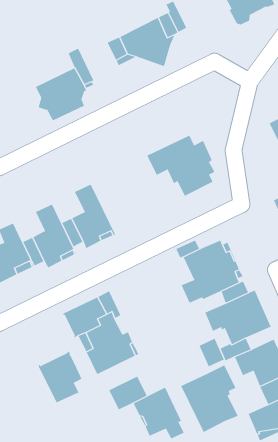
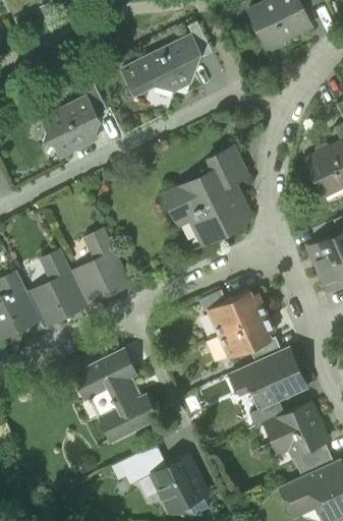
building: none -> [209,149,242,184]
building: [199,338,225,367] -> none
building: [38,350,82,403] -> none
building: [180,364,238,433] -> none

